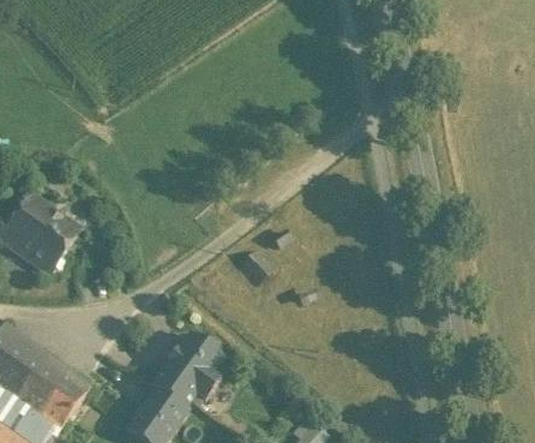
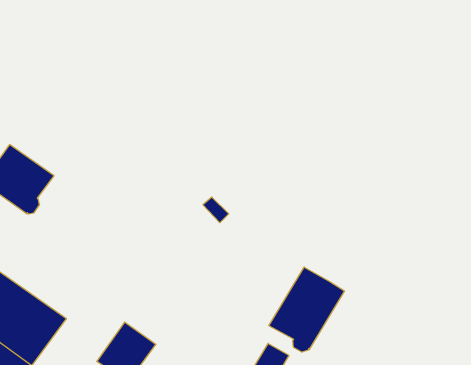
building: none -> [269,267,344,352]
building: [150,334,220,412] -> none

